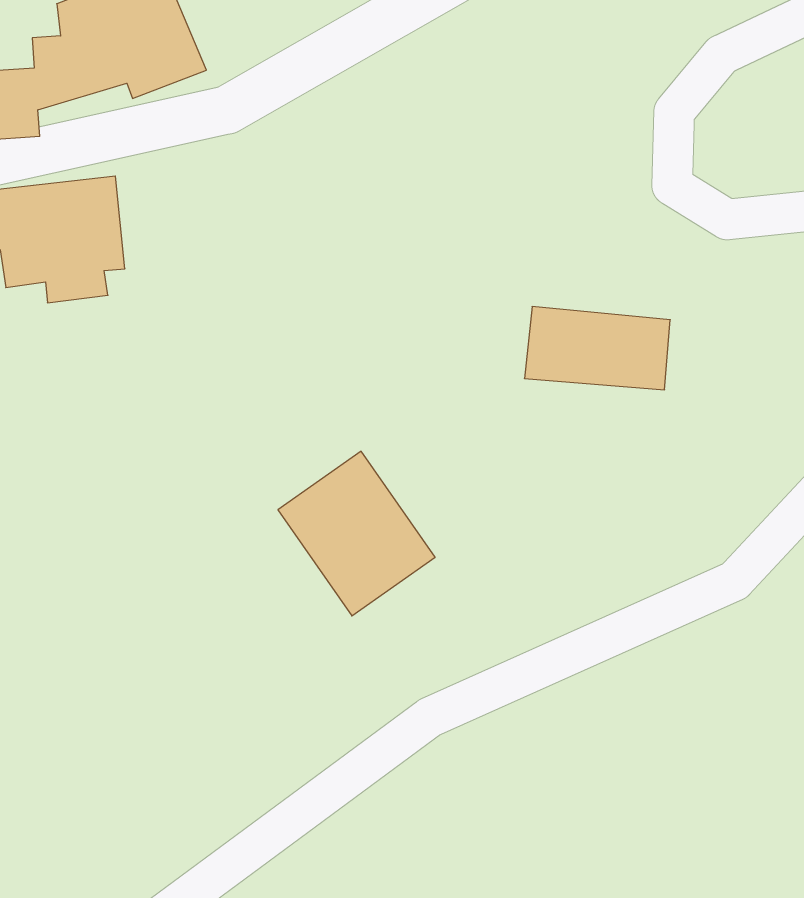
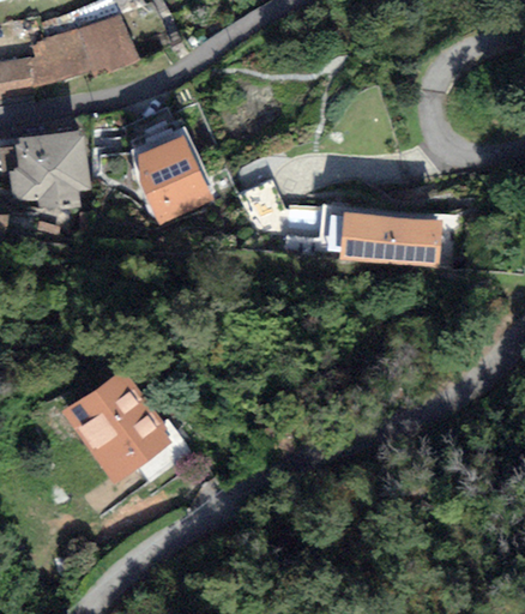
building: none -> [134,133,211,221]
building: [278,451,435,616] -> [68,373,168,477]

